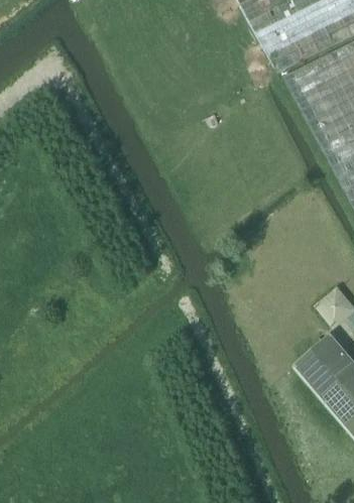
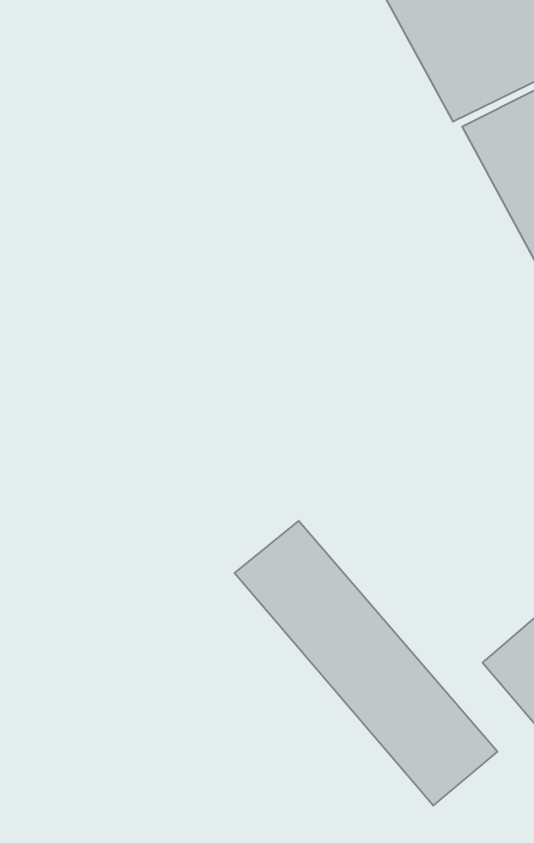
building: none -> [235,521,497,806]

